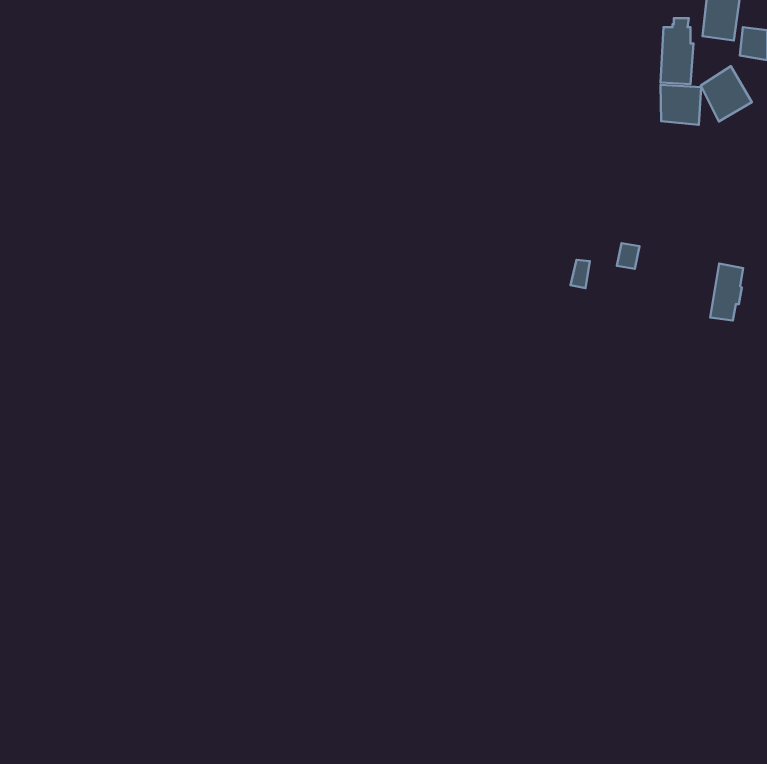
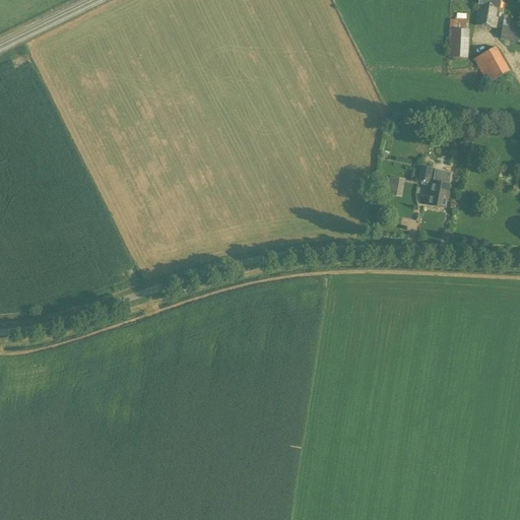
building: [660,85,701,125] -> none
building: [710,264,743,321] -> [429,168,451,206]

